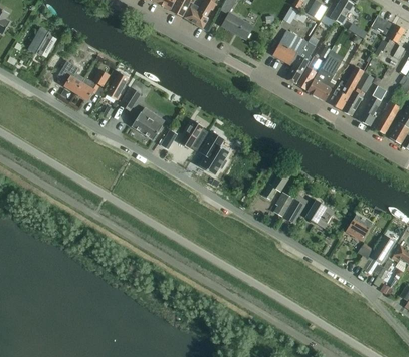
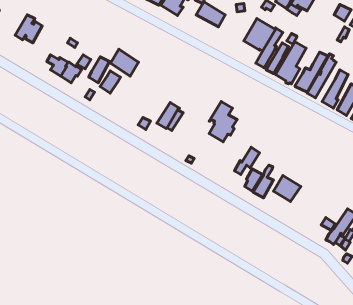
building: [132,111,162,140] -> [110,49,138,76]
building: [199,131,229,174] -> [209,102,237,142]
building: [346,213,372,240] -> none

